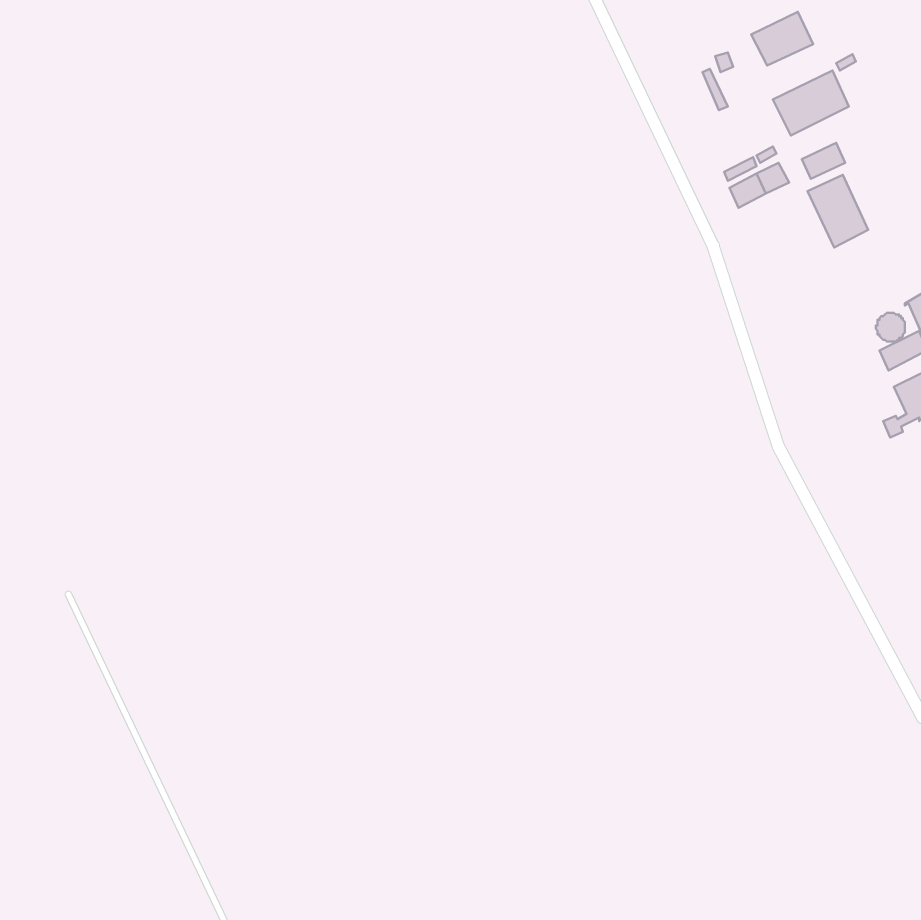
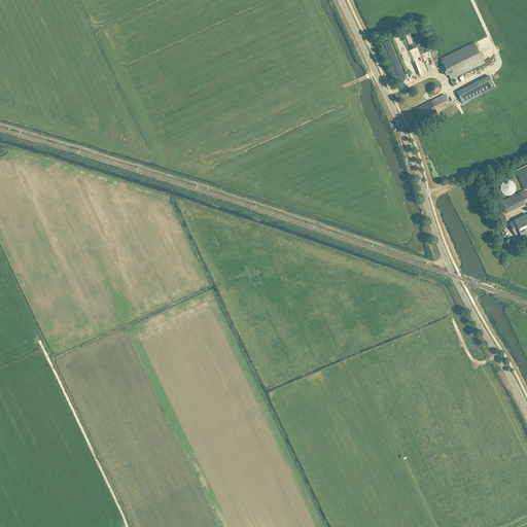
building: [751,12,813,66] -> none
building: [807,175,868,247] -> none

